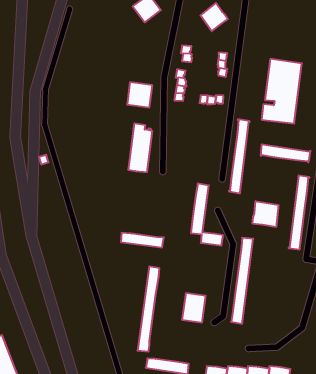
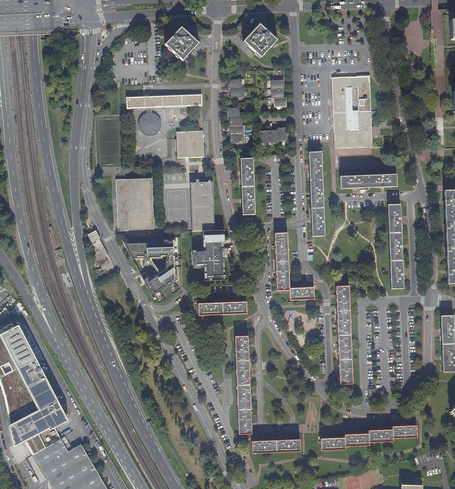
building: none -> [127,94,202,136]
building: none -> [115,178,153,231]
building: none -> [239,158,254,215]
building: none -> [124,240,176,296]
building: none -> [193,232,229,280]
building: [253,201,278,227] -> none
building: [182,293,206,323] -> none

